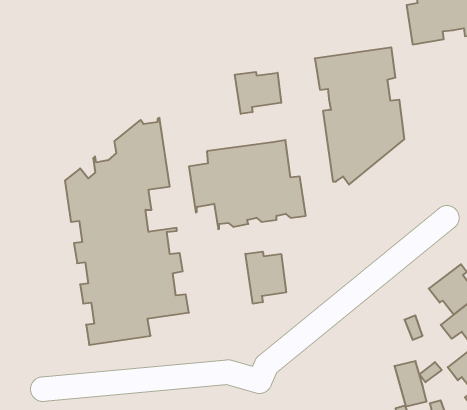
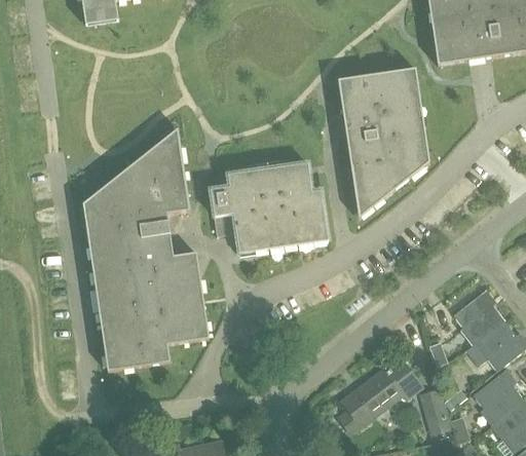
building: [235,72,281,114] -> none
building: [245,252,286,304] -> none
building: none -> [340,359,422,433]

